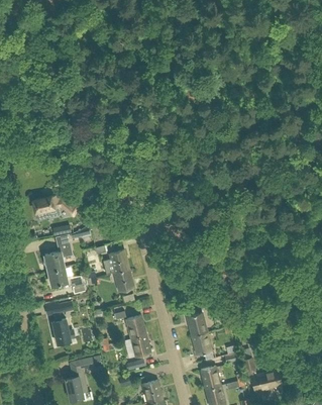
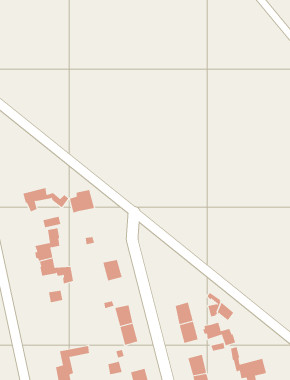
building: [102,249,128,274] -> [69,189,95,213]
building: [51,315,75,343] -> none
building: none -> [203,322,236,346]

